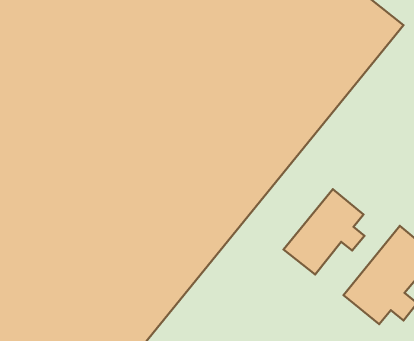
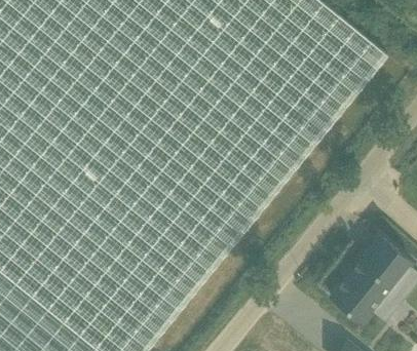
building: [284,189,365,275] -> none

